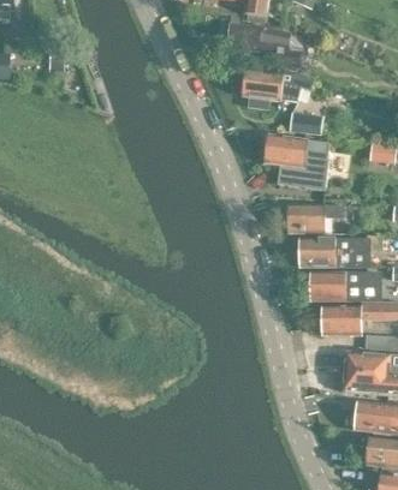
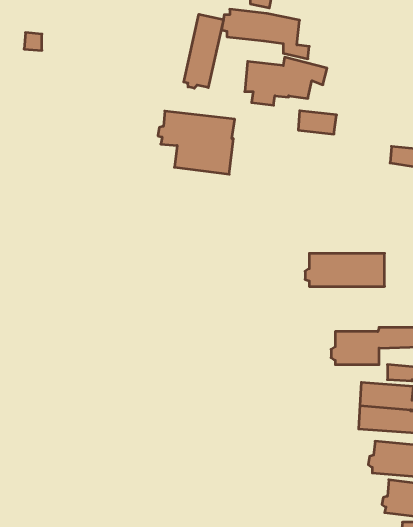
building: none -> [184,14,223,88]
building: [262,133,329,189] -> [158,111,235,174]
building: [285,204,344,233] -> none
building: [308,270,378,299] -> none

